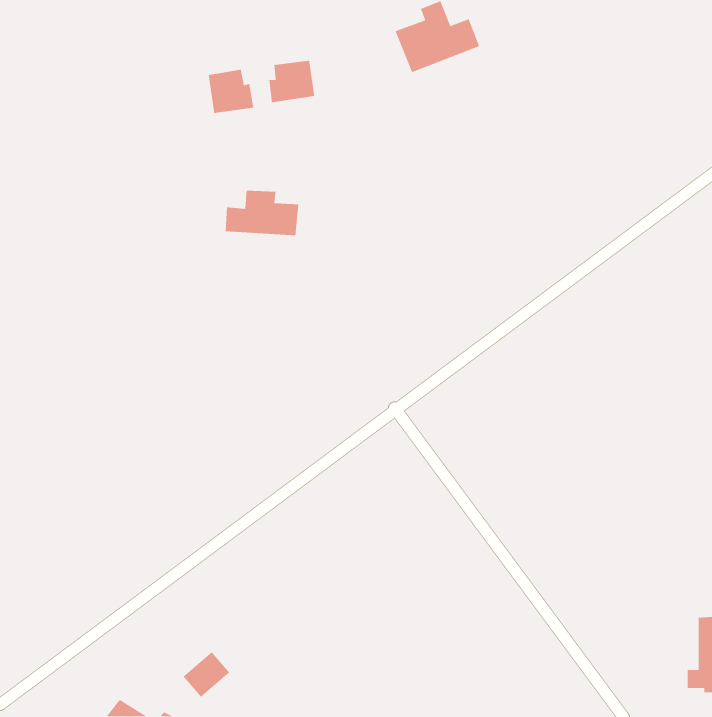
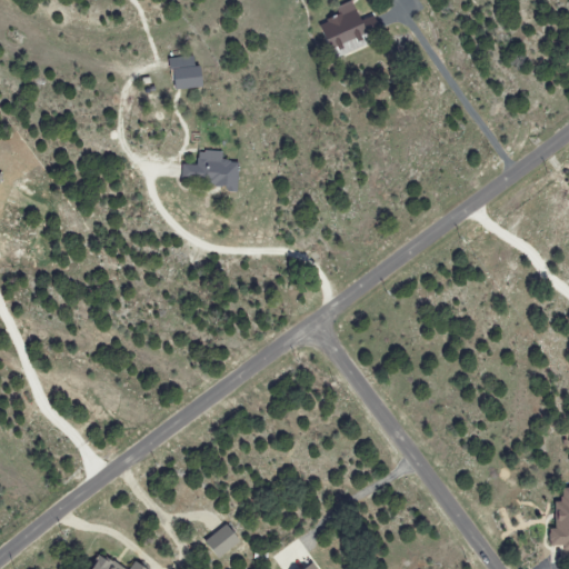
building: [269,60,315,103] -> none
building: [182,651,230,698] -> [202,523,240,560]

